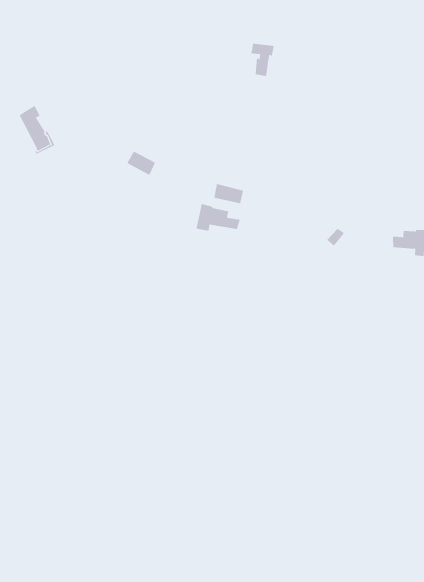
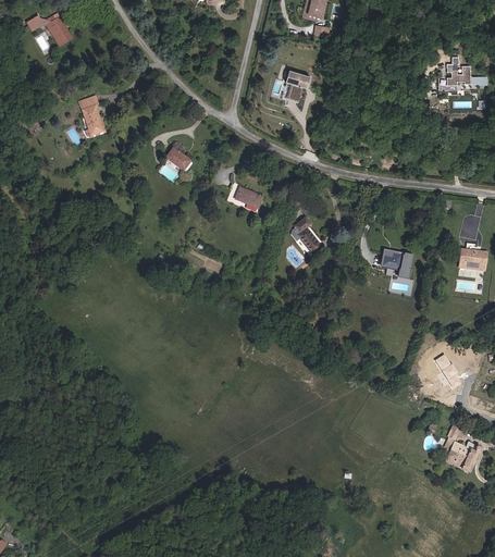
building: [196,203,240,231] -> none
building: none -> [294,216,322,253]

